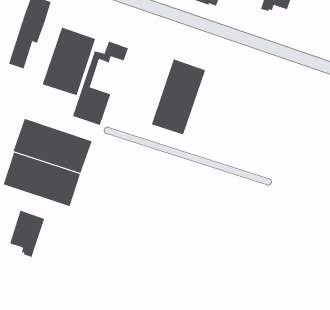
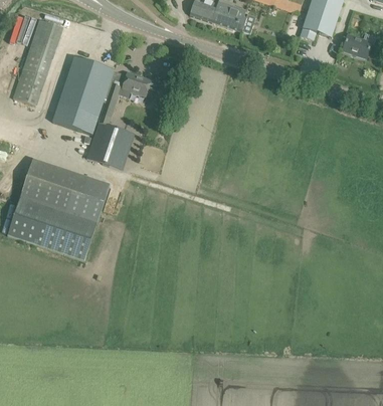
building: none -> [343,32,372,56]
building: [151,58,206,135] -> none
building: [9,210,45,258] -> none

